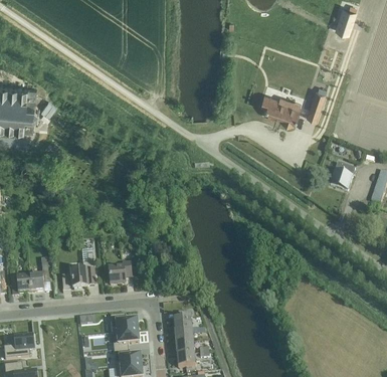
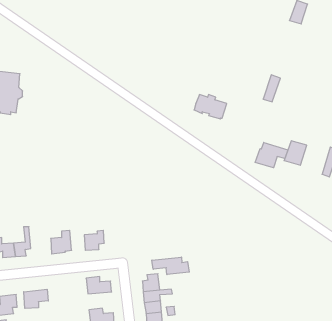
building: [263,95,300,122] -> [194,95,227,119]
building: none -> [255,142,288,168]
building: none -> [152,257,189,275]
building: none -> [24,289,48,308]
building: [112,329,139,349] -> none

